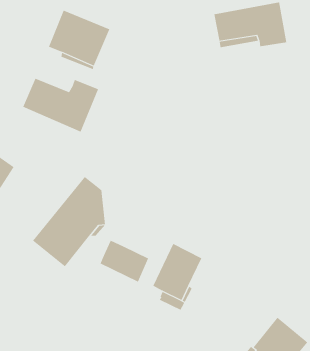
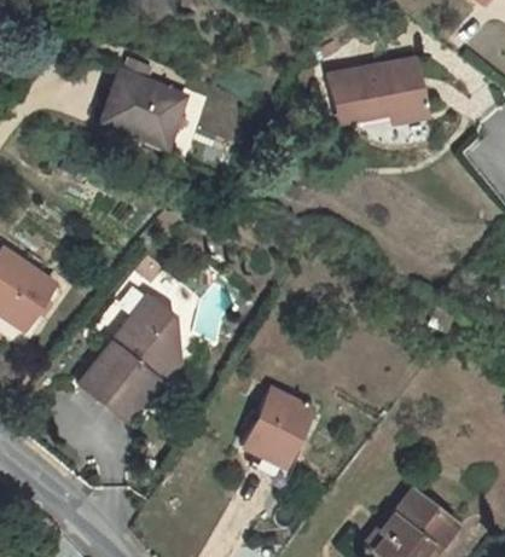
building: [22,78,99,132] -> none
building: [100,240,149,282] -> none

